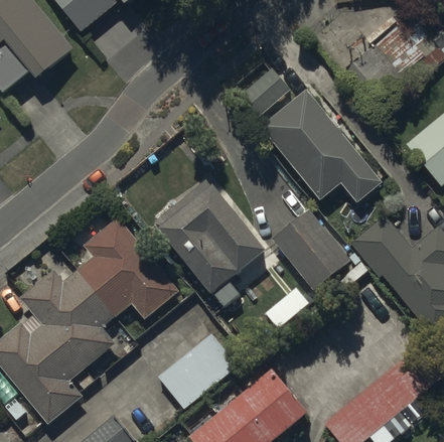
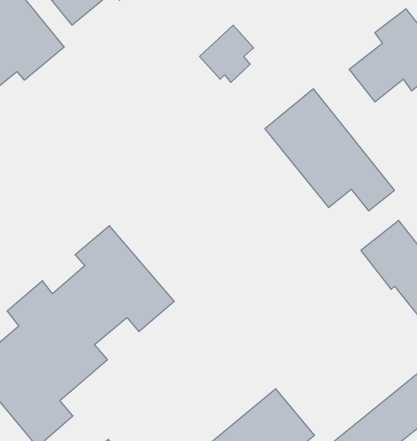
building: [240,65,290,119] -> [200,25,254,82]
building: [155,180,266,307] -> none
building: [270,205,350,288] -> none
building: [157,332,237,409] -> none

